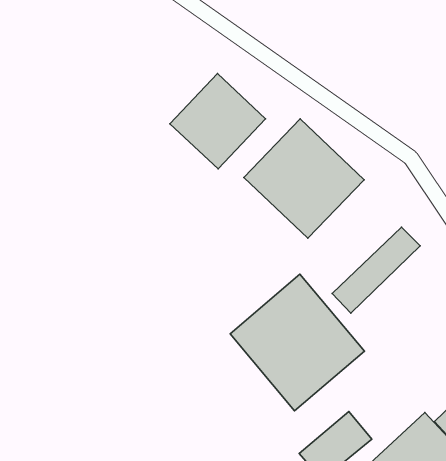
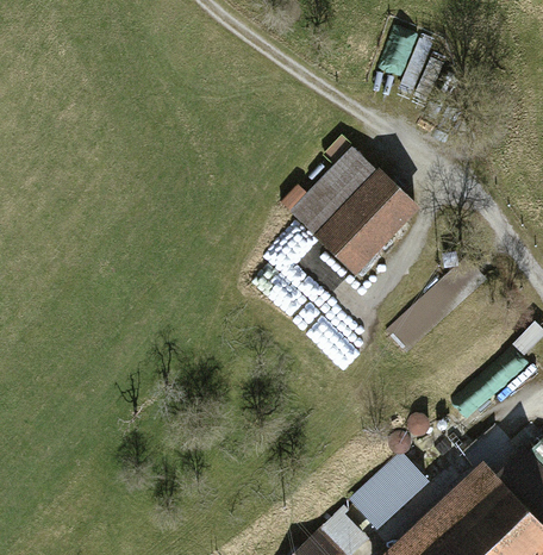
building: [170,74,266,169] -> none
building: [230,274,364,411] -> none

